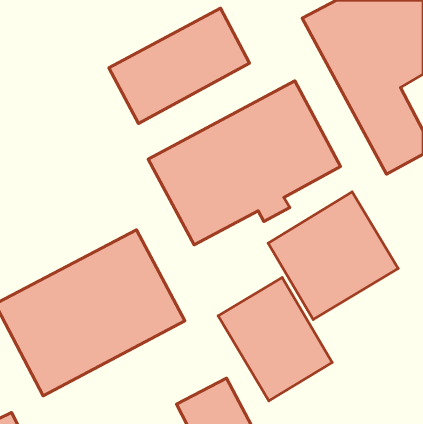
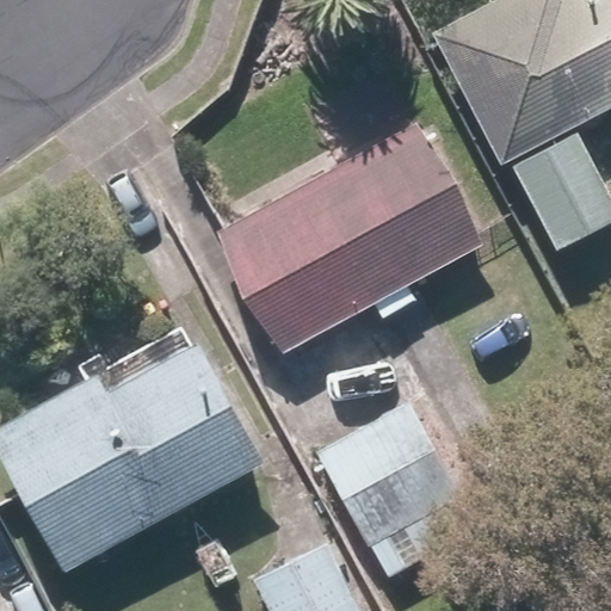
building: [109,8,250,123] -> none
building: [268,192,398,319] -> none

